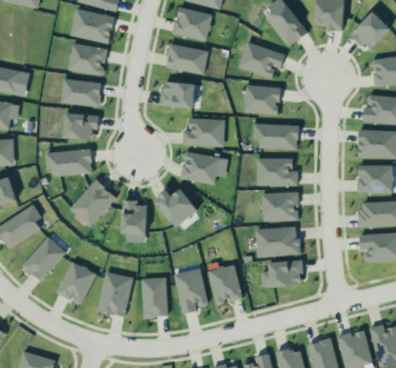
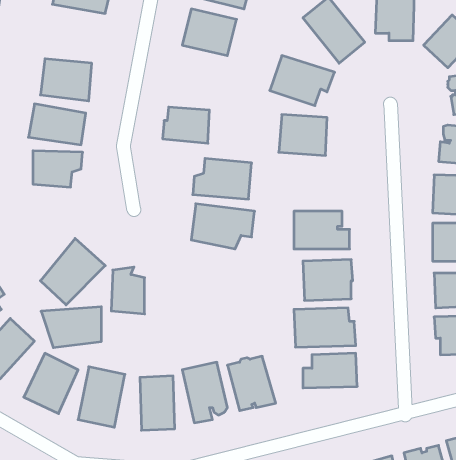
building: [69,8,113,42] -> none
building: [166,42,207,74] -> none
building: [254,125,299,150] -> none
building: [44,148,89,178] -> [41,307,101,348]
building: [155,187,198,227] -> none

